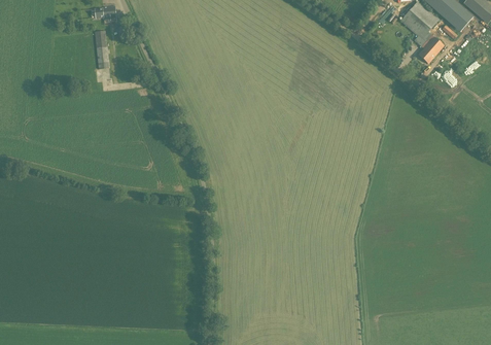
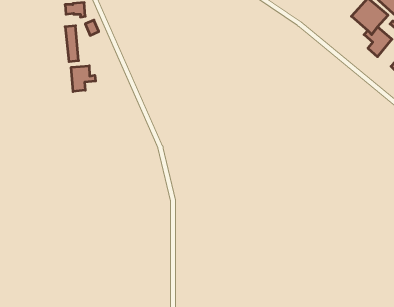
building: none -> [71,66,96,92]

